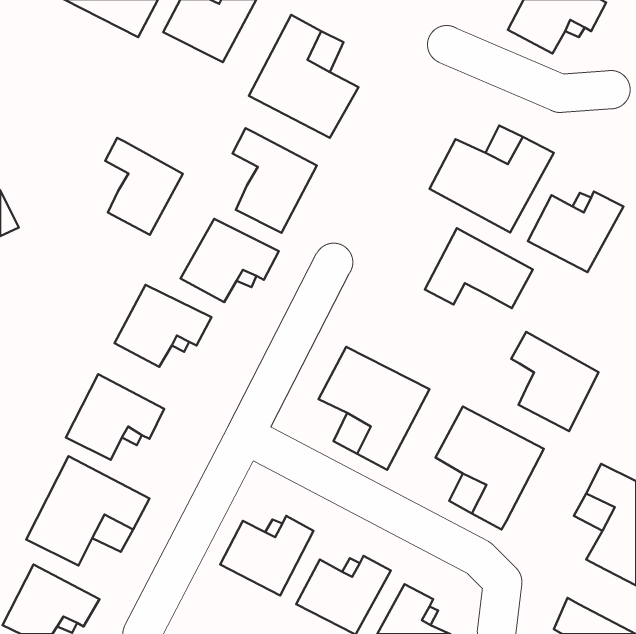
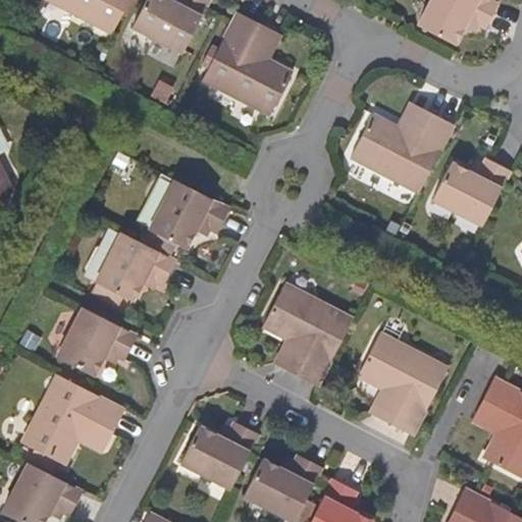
building: [233,128,317,233] -> none
building: [105,138,183,235] -> none
building: [425,228,533,308] -> none
building: [511,332,599,431] -> none

